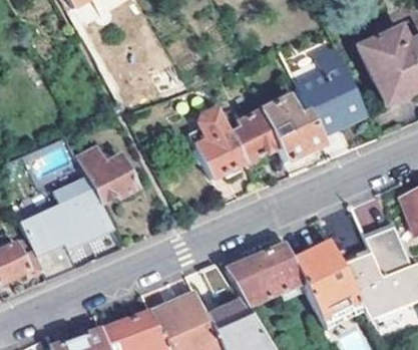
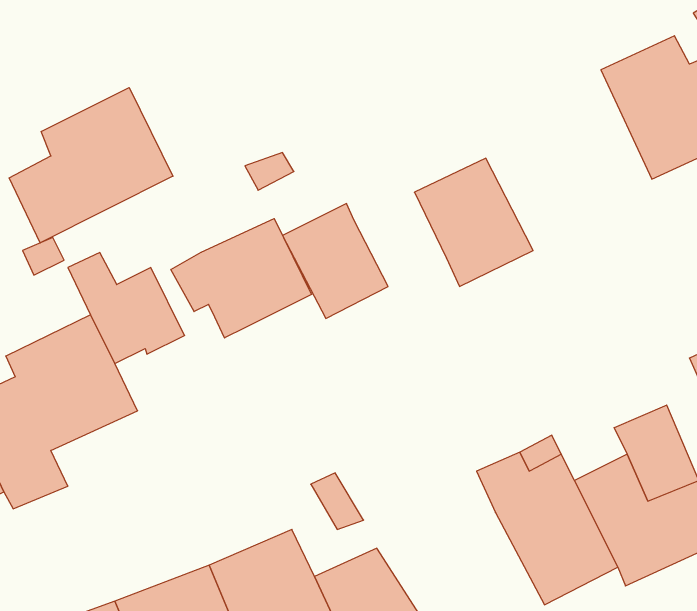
building: [296,49,367,134] -> none
building: none -> [9,88,173,243]
building: [228,111,277,161] -> none
building: none -> [171,219,311,338]
building: [227,243,303,306] -> none

